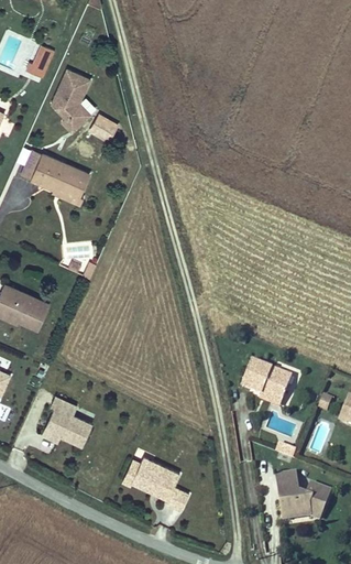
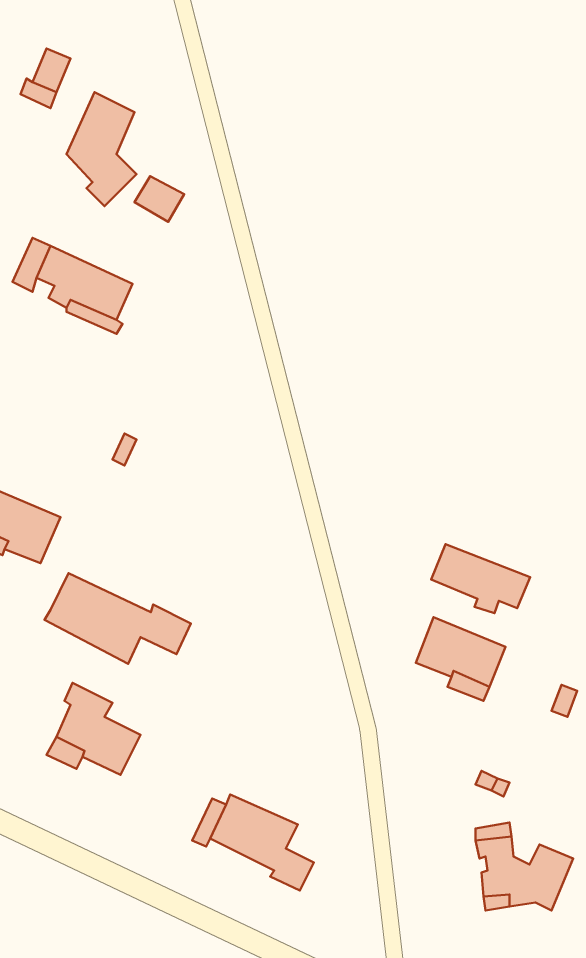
building: none -> [431,544,530,613]
building: none -> [44,573,191,664]

